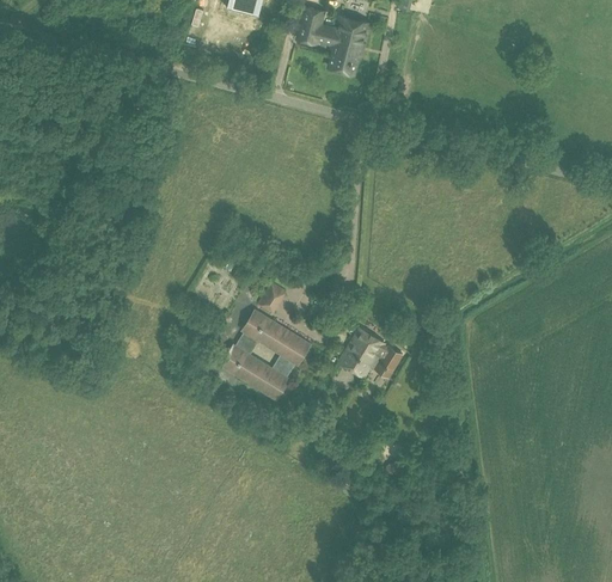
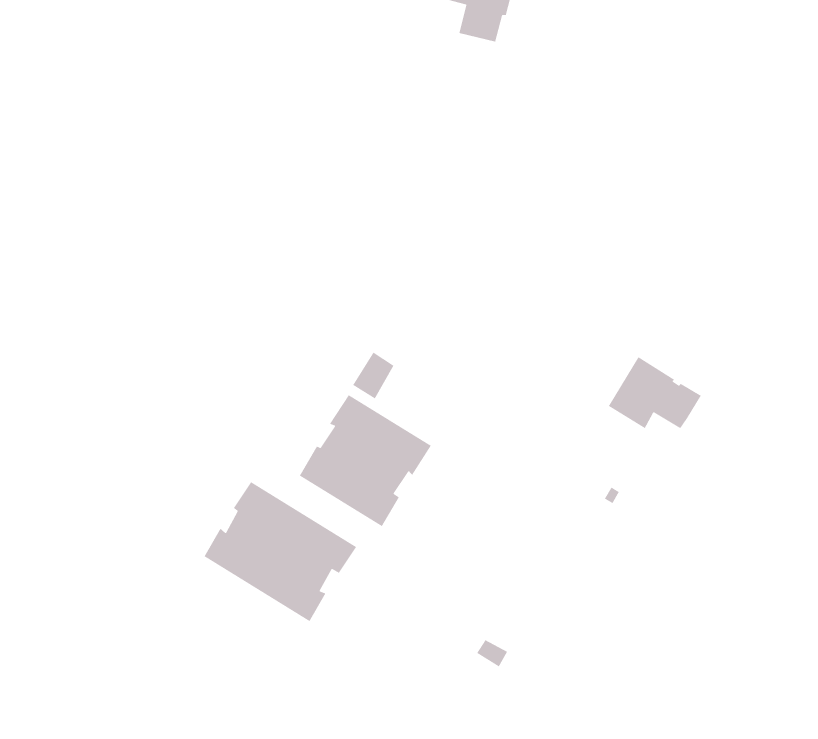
building: [338,326,402,375] -> [608,356,702,429]
building: none -> [203,481,357,622]

